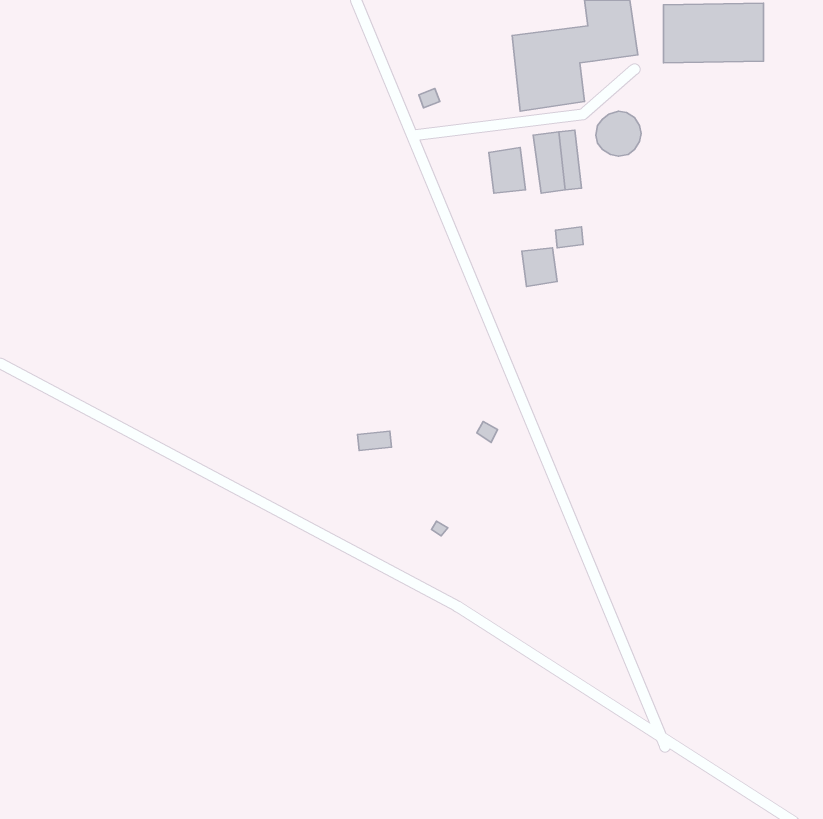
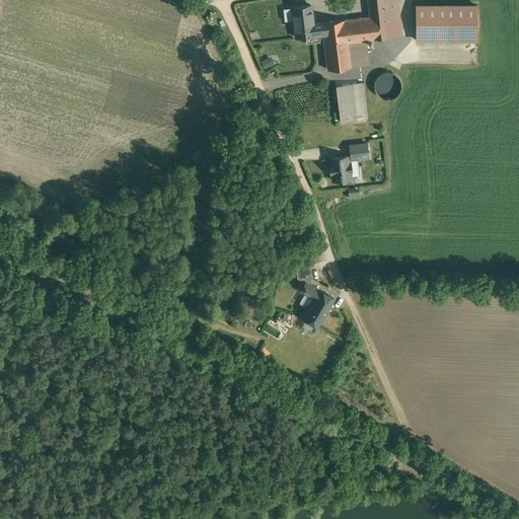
building: none -> [292,7,323,39]
building: [489,148,526,193] -> none
building: none -> [301,285,333,319]

